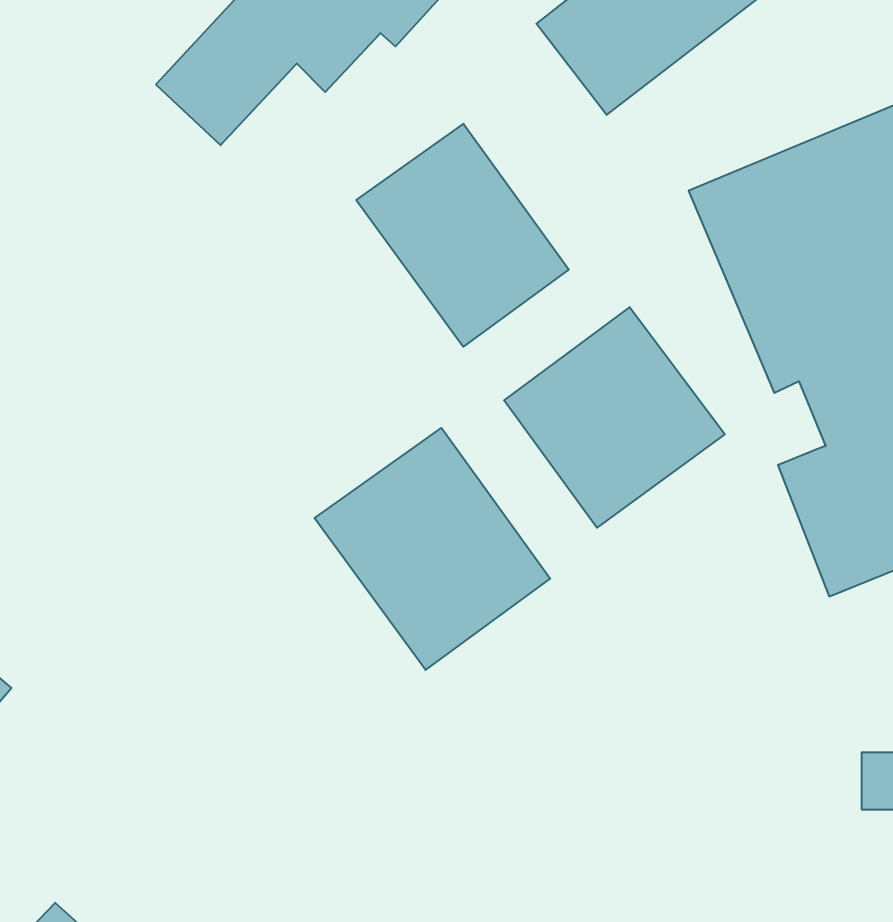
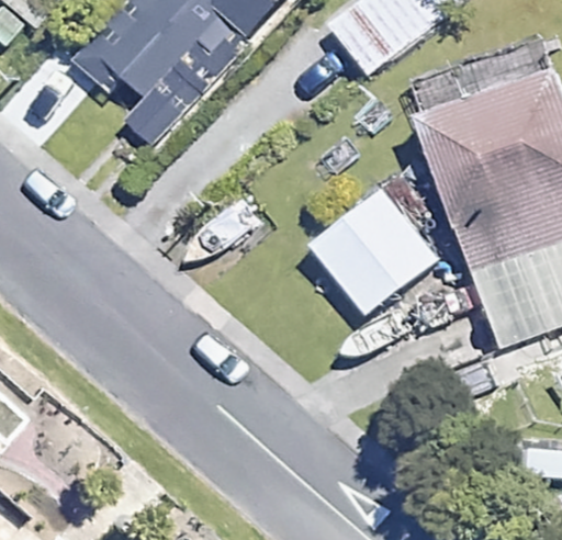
building: [356,124,569,347] -> none
building: [315,428,550,670] -> none

